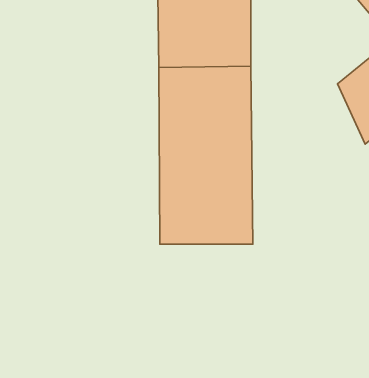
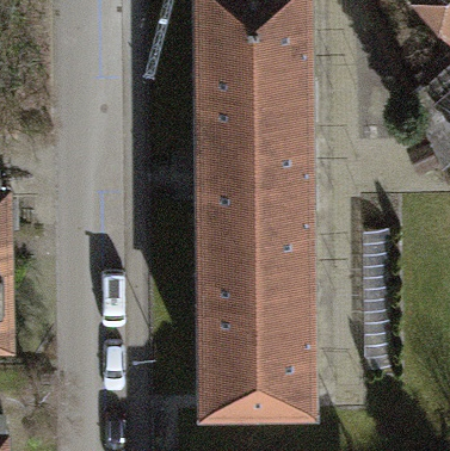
building: none -> [204,288,313,400]

